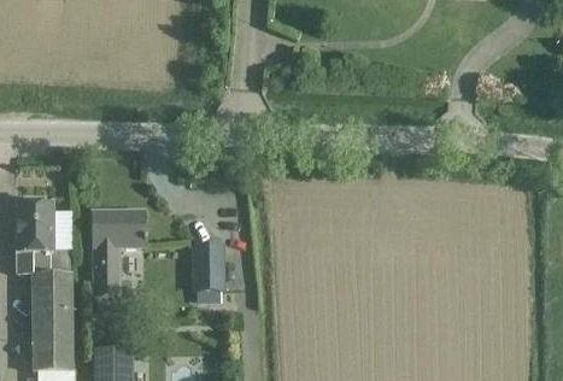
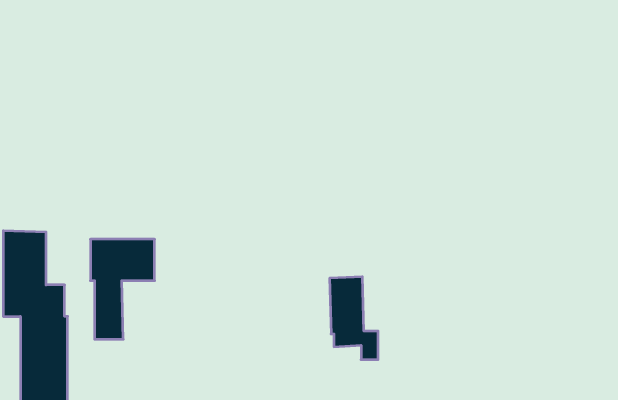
building: [193,242,234,312] -> [330,277,378,360]

